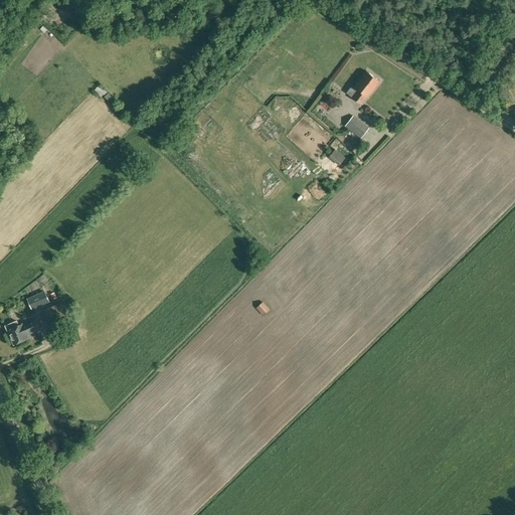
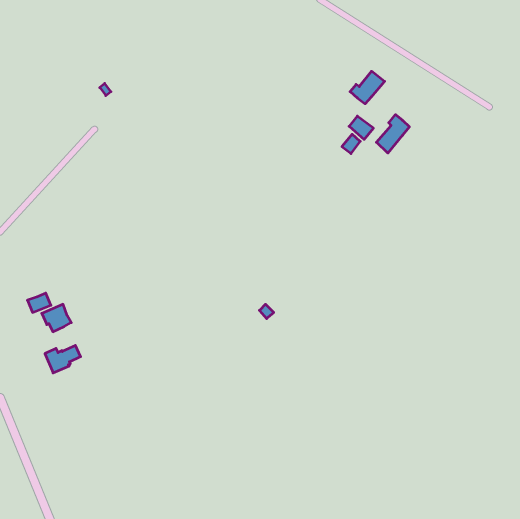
building: none -> [376,115,409,153]
building: [5,317,40,344] -> [45,345,81,373]

